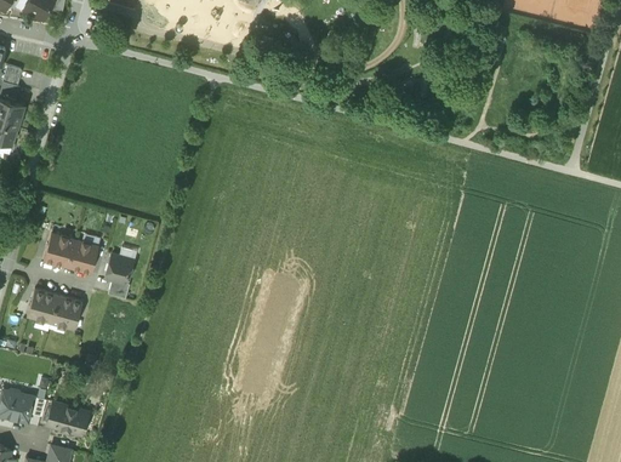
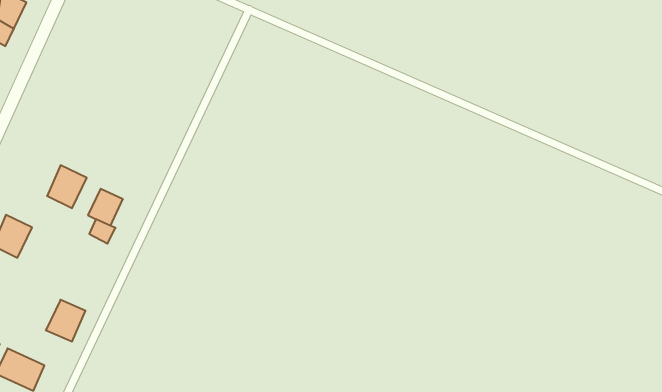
building: [42,232,74,267] -> none
building: [50,296,81,330] -> [46,300,86,341]

